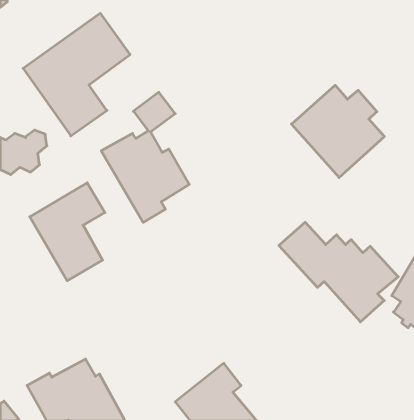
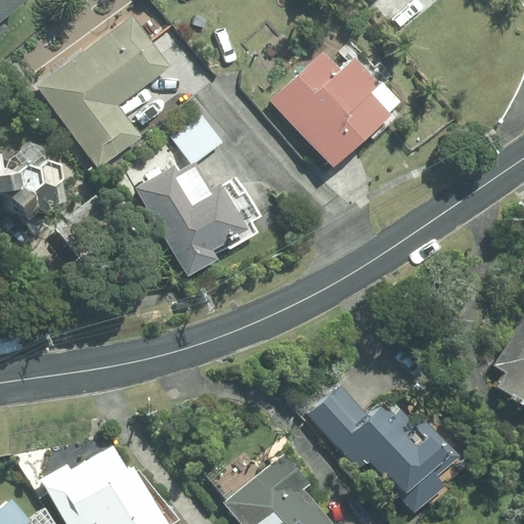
building: [291,85,384,178] -> [270,52,386,167]
building: [30,183,105,281] -> none
building: [279,222,398,322] -> [309,383,457,507]

